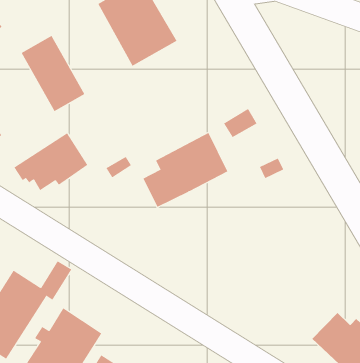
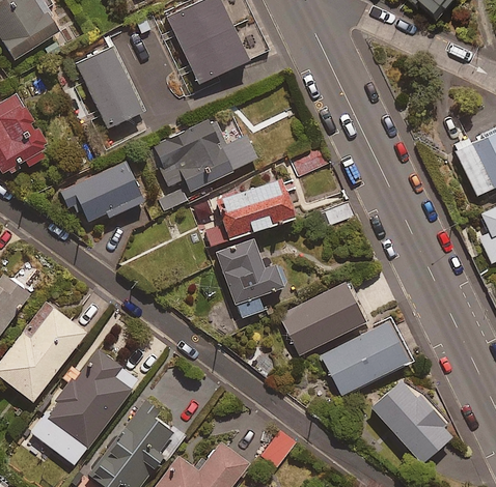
building: none -> [150,118,256,191]
building: none -> [214,234,282,321]
building: none -> [280,282,365,355]
building: none -> [322,319,410,395]

